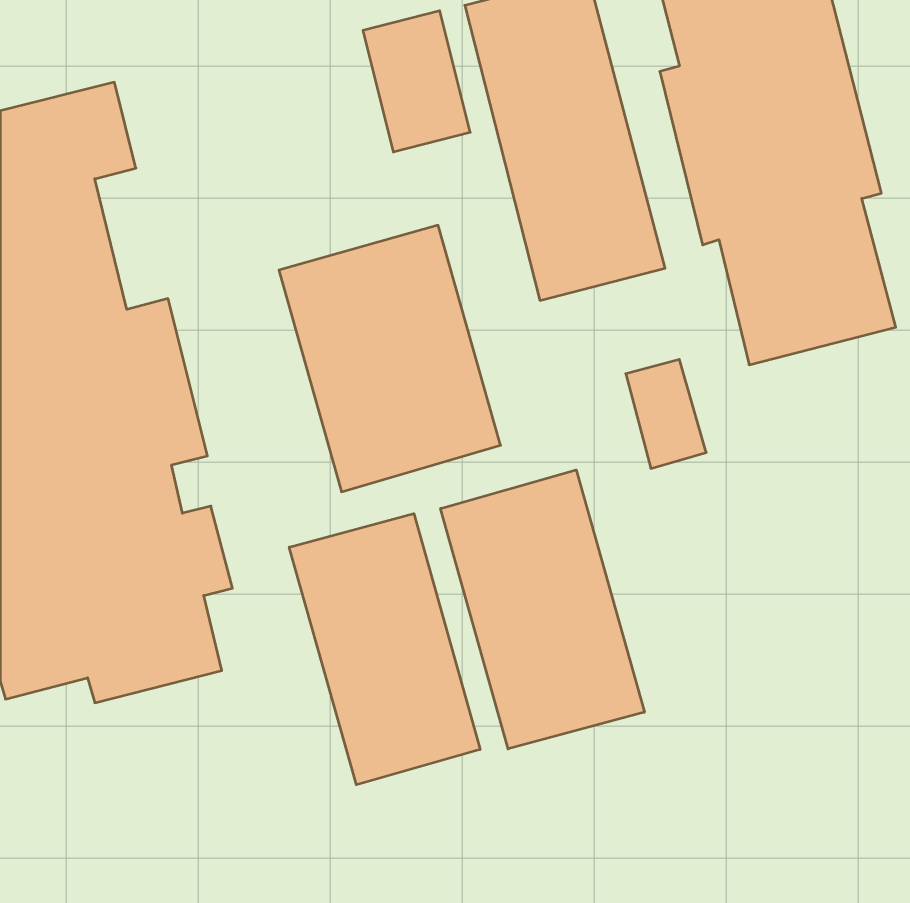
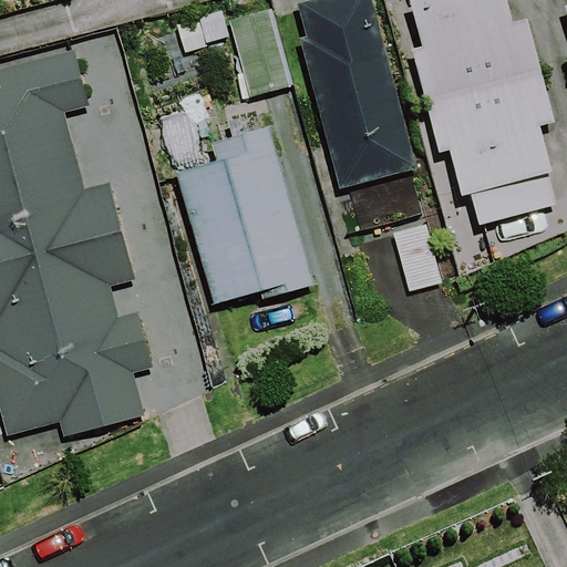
building: [441,470,644,749] -> none
building: [289,514,480,785] -> none

